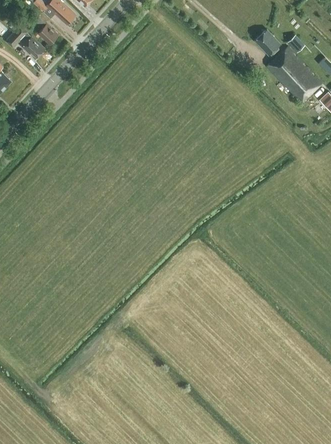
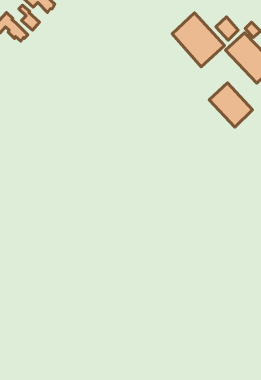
building: none -> [172,13,224,67]
building: none -> [209,83,252,127]

